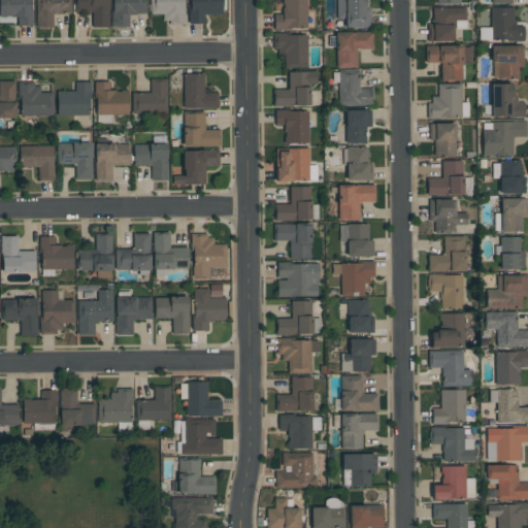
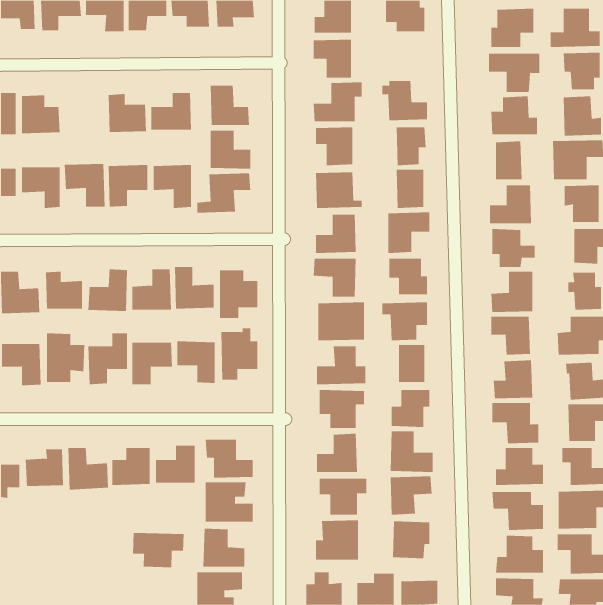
building: [337,32,373,68] -> none
building: [58,82,91,117] -> none
building: none -> [132,532,184,568]

